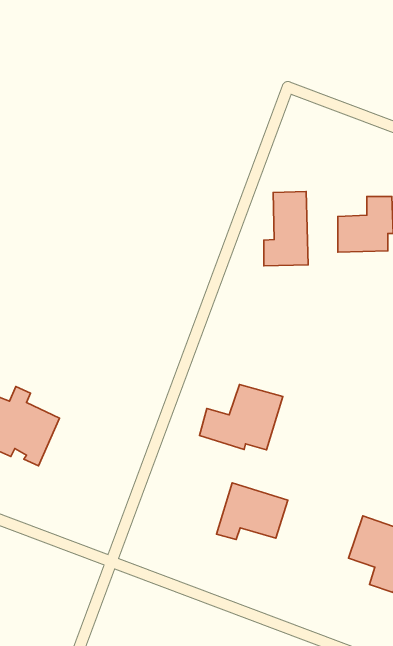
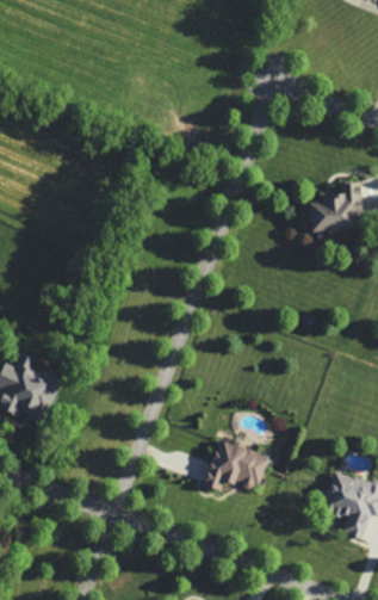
building: [264,191,308,266] -> none
building: [199,384,283,450] -> none

